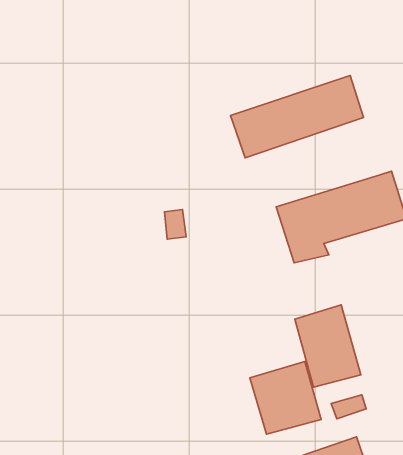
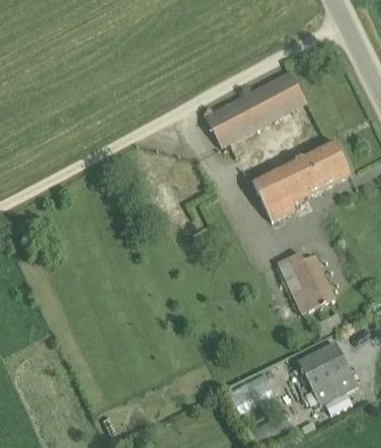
building: [250,361,321,434] -> none

